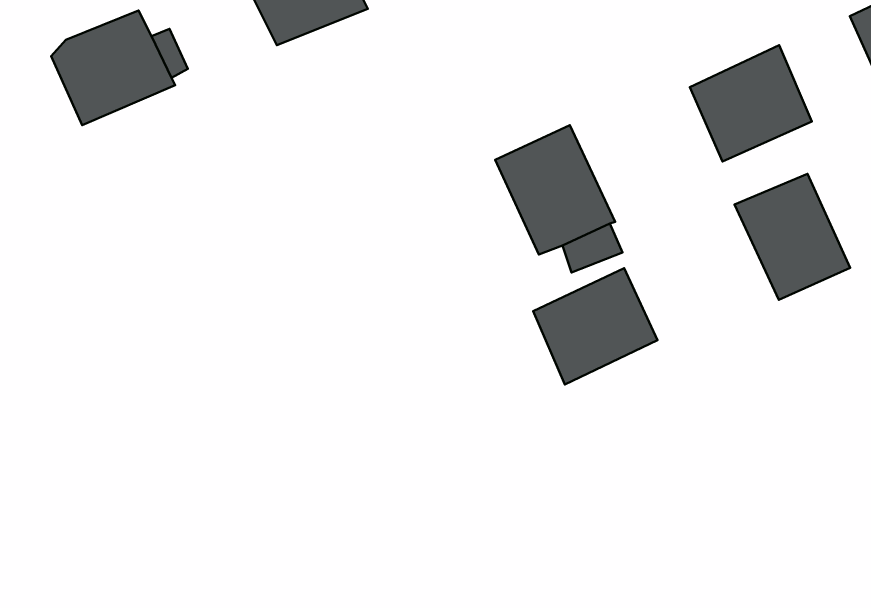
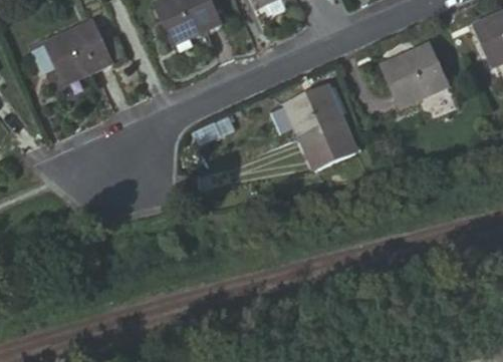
building: [735,174,850,300] -> none
building: [533,268,658,384] -> none

